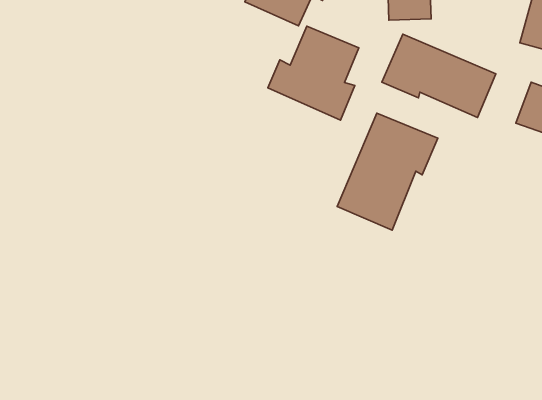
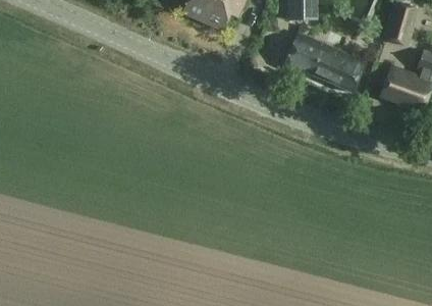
building: [268,26,359,120] -> none
building: [337,113,438,230] -> none

